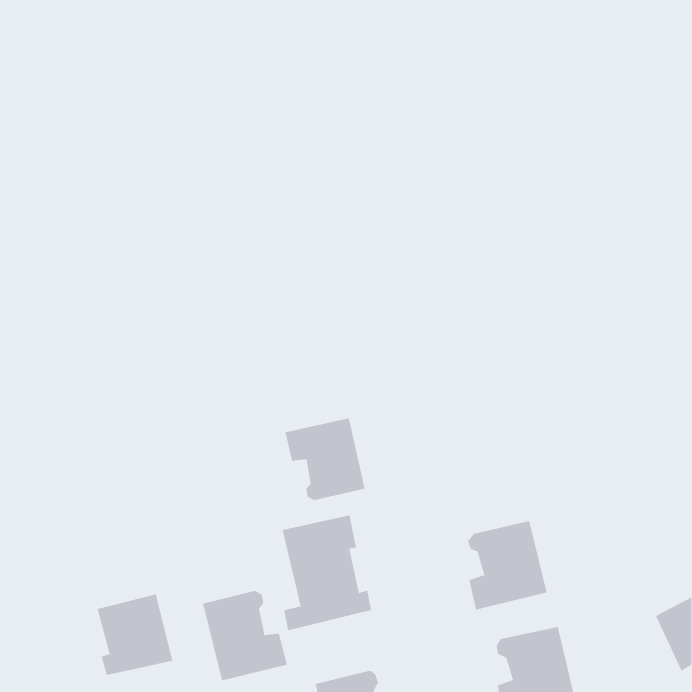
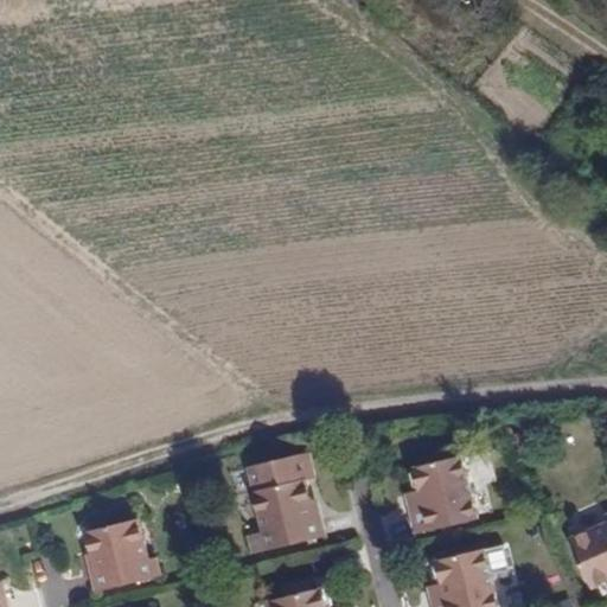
building: [285,418,365,501] -> none
building: [203,590,288,681] -> none

